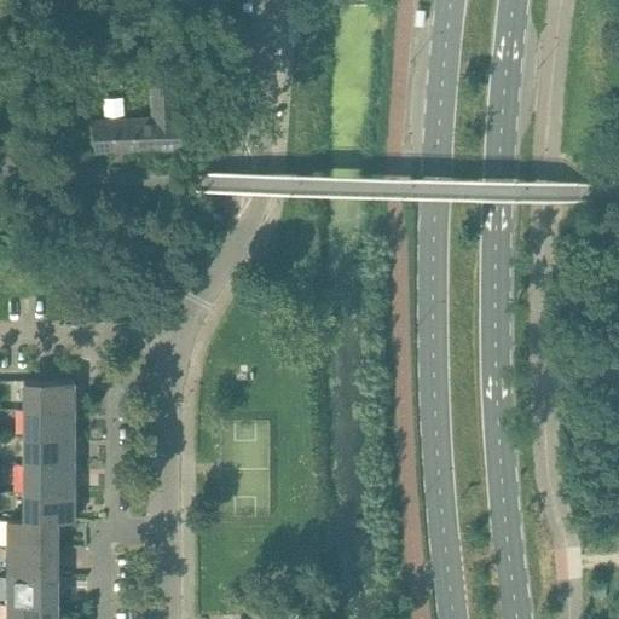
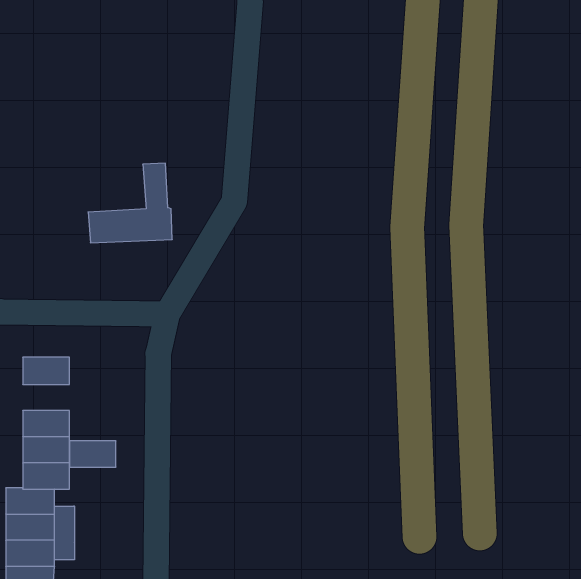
building: [92,71,181,156] -> [88,163,172,243]
building: [24,411,74,439] -> [69,441,116,467]
building: none -> [55,506,74,560]

